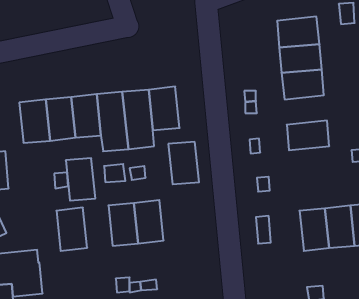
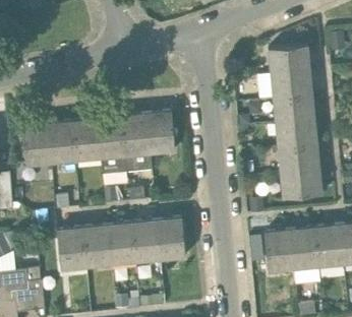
building: none -> [277,119,317,147]
building: [168,142,199,184] -> [157,217,186,258]
building: none -> [281,168,321,197]
building: [66,158,95,201] -> [83,225,112,265]
building: none -> [266,230,295,270]

